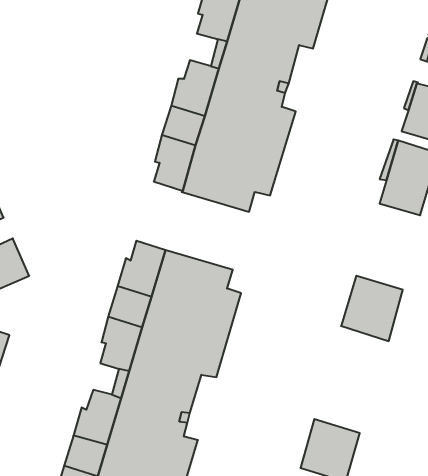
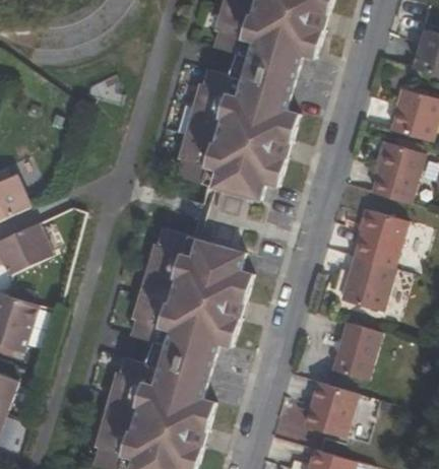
building: none -> [354,209,406,267]
building: none -> [331,322,382,382]

